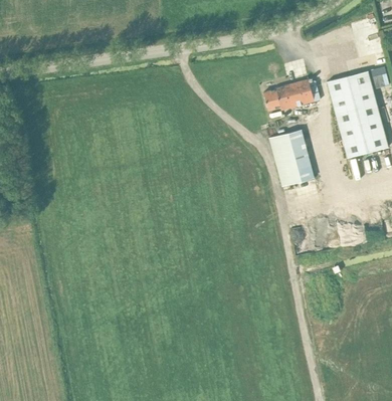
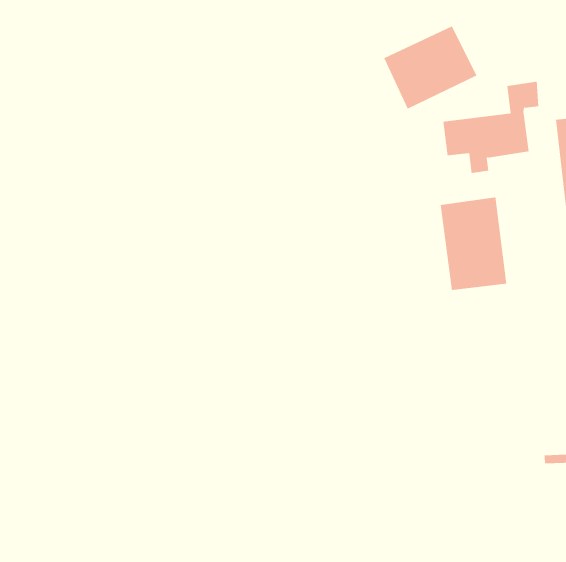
building: none -> [384,25,477,109]

